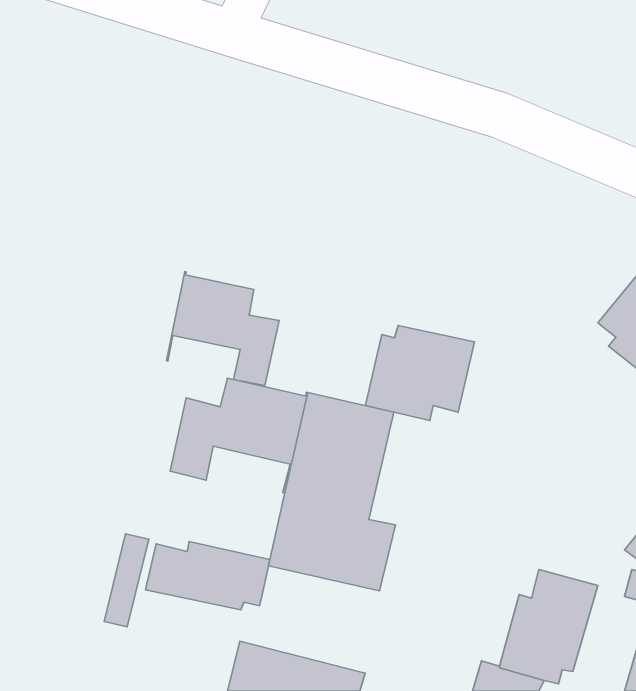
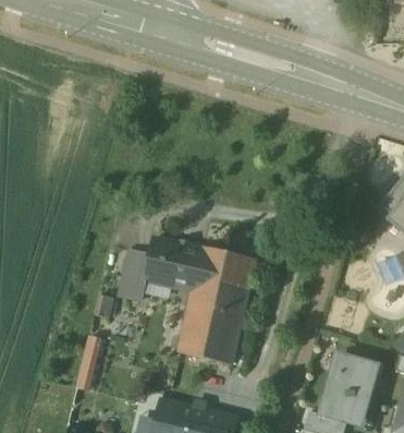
building: [166,271,279,386] -> none
building: [366,326,474,421] -> none
building: [145,542,270,610] -> none

